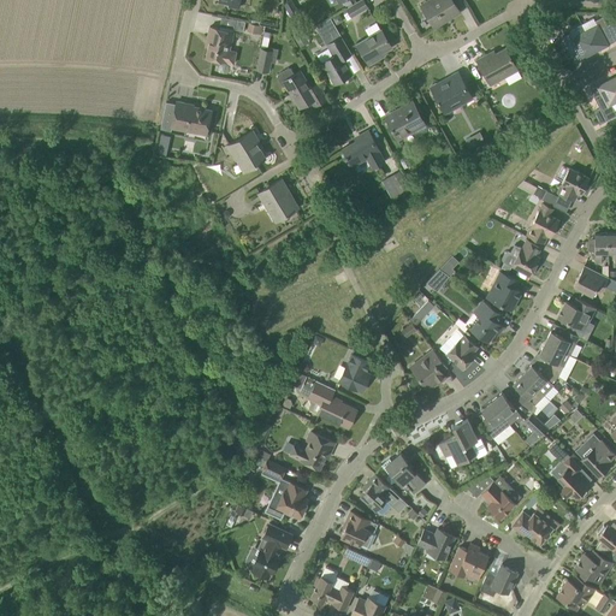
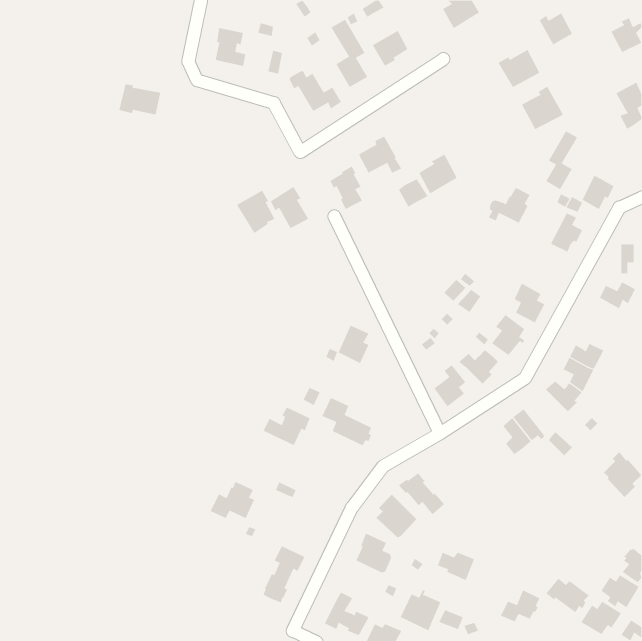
building: [563,31,596,63] -> [539,13,573,45]
building: [432,72,473,114] -> [521,86,564,130]
building: [171,102,212,132] -> [119,84,161,115]
building: [387,102,425,141] -> [418,154,457,194]
building: none -> [545,130,578,190]
building: [227,131,265,173] -> [236,190,275,234]
building: none -> [330,165,363,210]
building: [500,241,541,276] -> [488,187,531,224]
building: [558,300,596,328] -> none
building: [339,355,369,392] -> [338,325,369,364]
building: [513,374,544,409] -> none
building: [439,420,487,464] -> none
building: [289,432,334,469] -> [263,407,310,446]
building: [556,456,587,498] -> none
building: [481,480,521,520] -> none
building: [265,482,308,519] -> [210,481,255,519]
building: [511,511,553,545] -> [546,578,590,613]
building: [449,544,488,584] -> [400,590,441,631]

